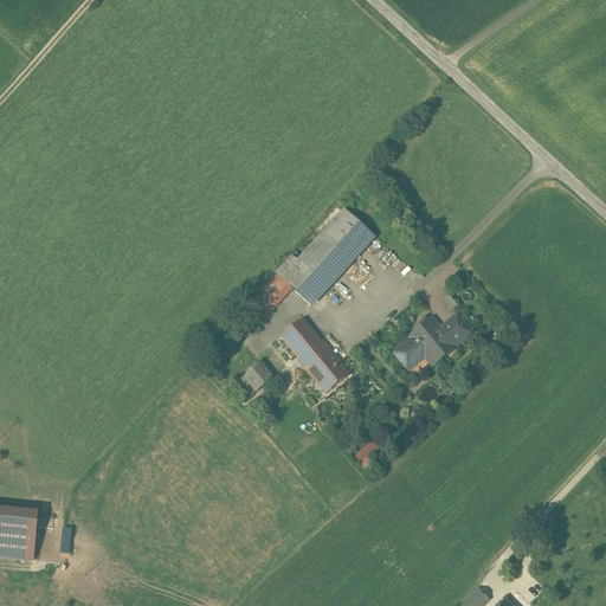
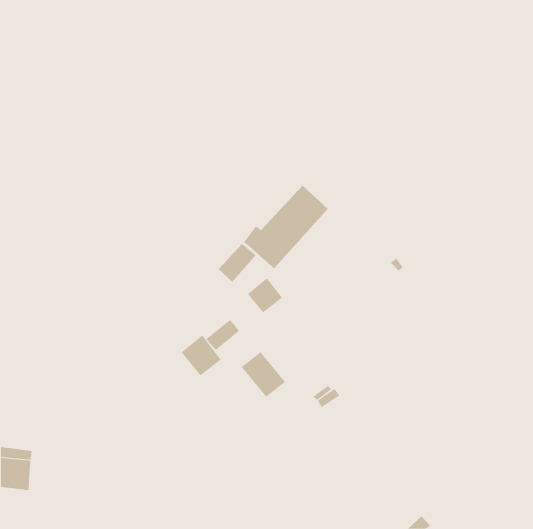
building: [394,316,470,366] -> none
building: [298,337,349,389] -> [241,352,286,398]
building: none -> [181,335,221,376]

